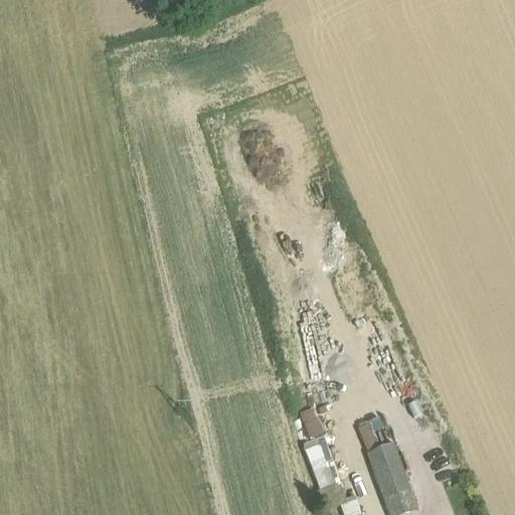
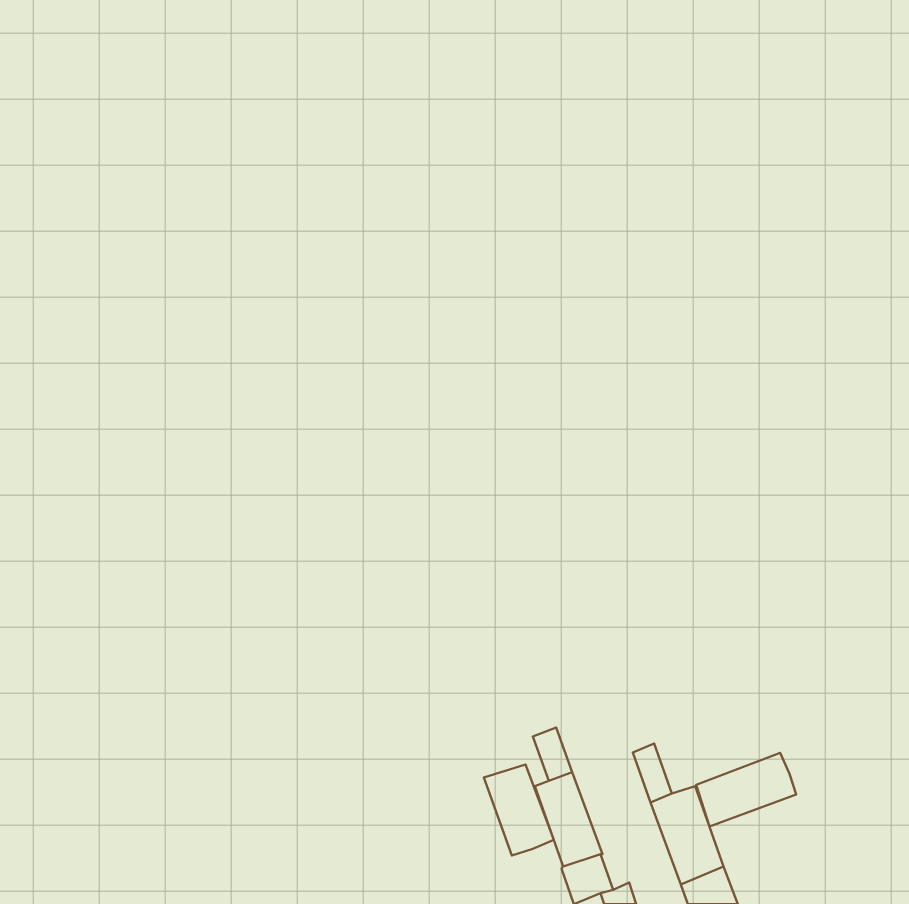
building: none -> [696,753,796,827]
building: none -> [484,765,554,855]

